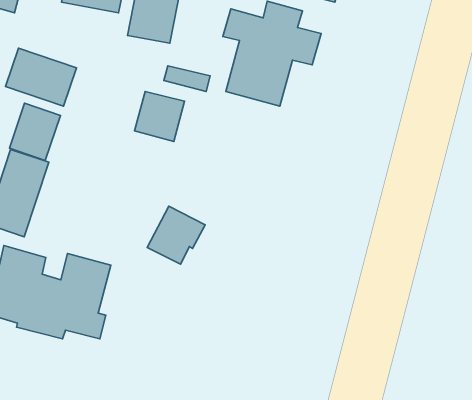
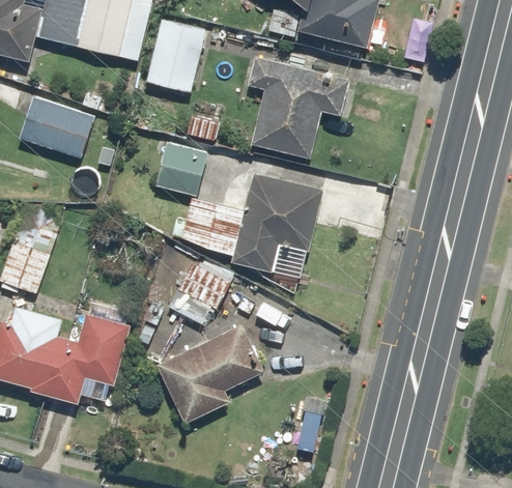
building: [9,103,60,160] -> none
building: none -> [179,172,323,270]
building: none -> [159,326,261,423]

